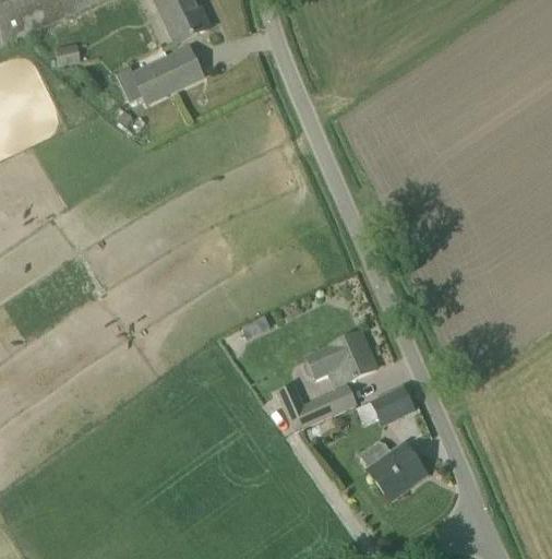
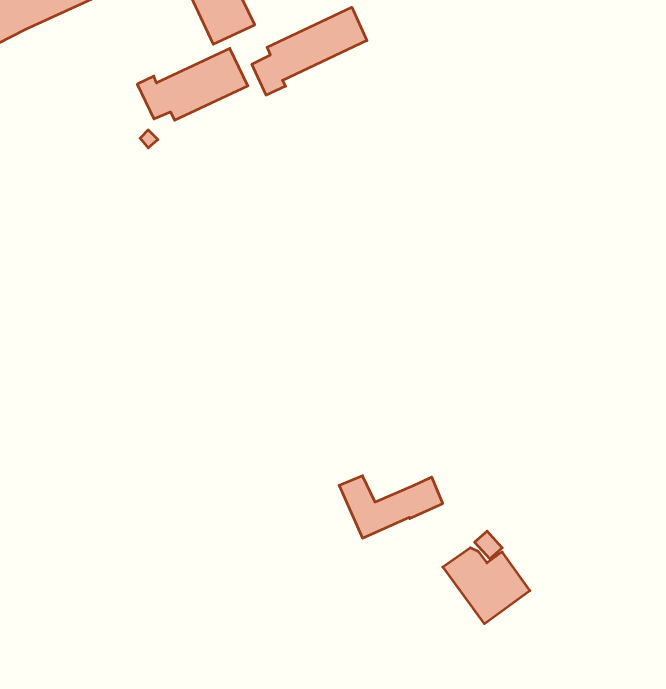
building: none -> [252,7,367,95]
building: [304,331,376,385] -> none
building: [372,384,415,424] -> none

